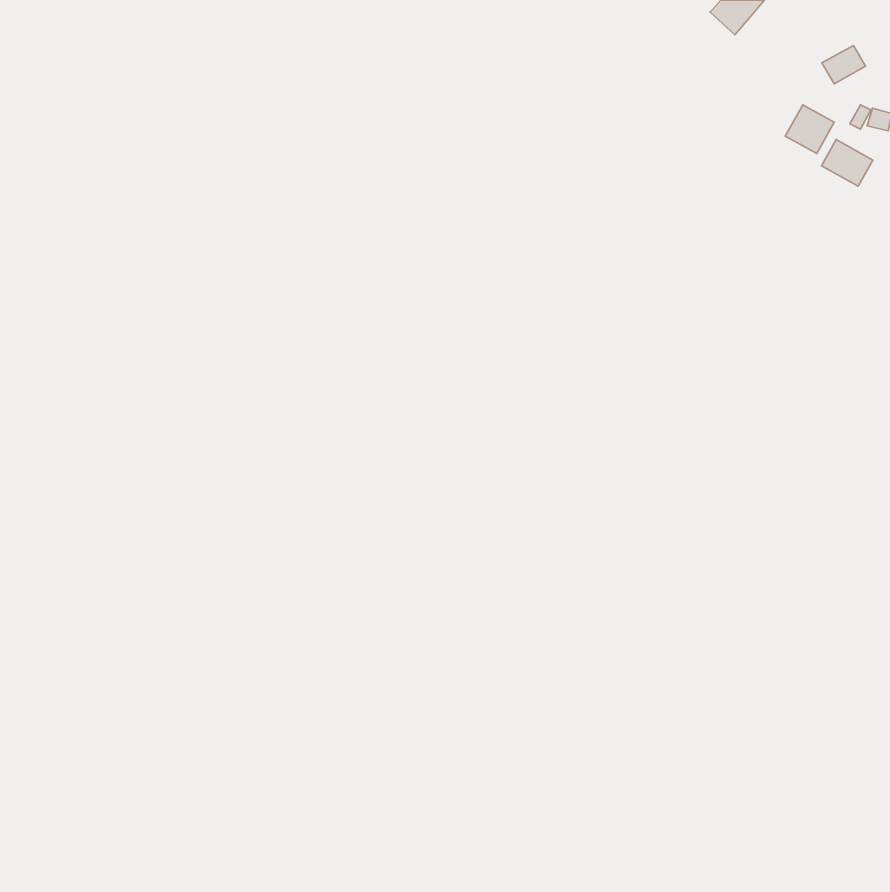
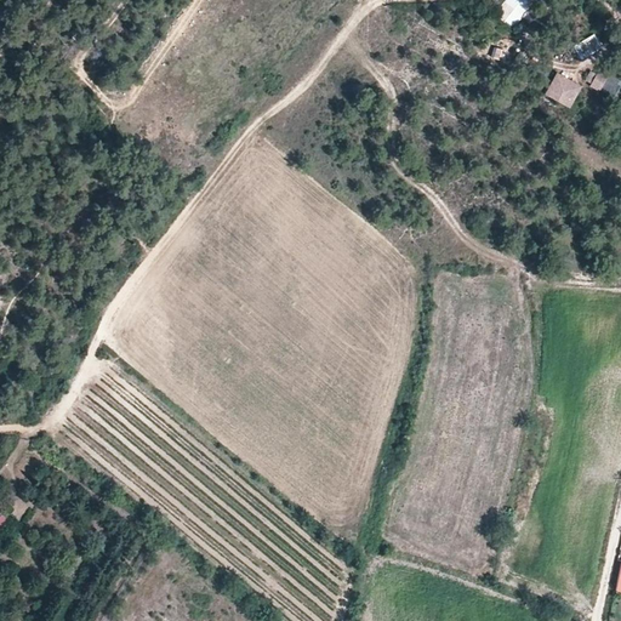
building: [822,140,873,186] -> none

